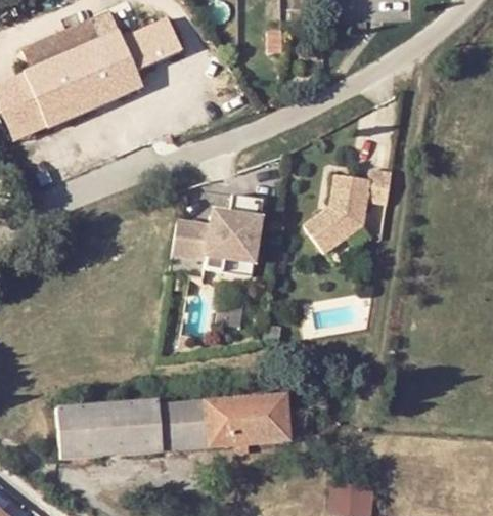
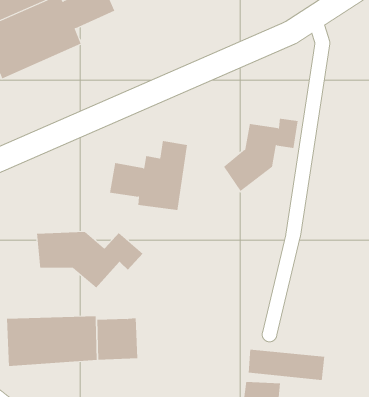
building: none -> [36,231,144,288]
building: [206,396,287,448] -> none
building: none -> [248,349,325,381]

